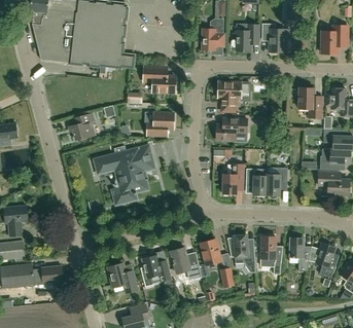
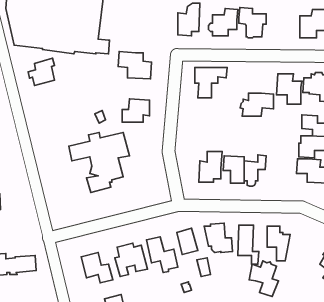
building: [69,112,95,139] -> [28,58,55,85]
building: [214,117,247,140] -> [240,93,274,116]
building: [309,242,338,277] -> [249,261,278,297]

